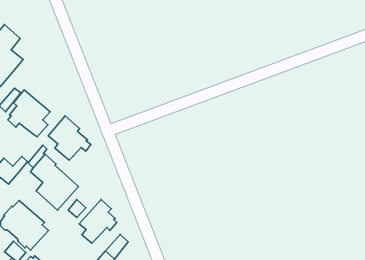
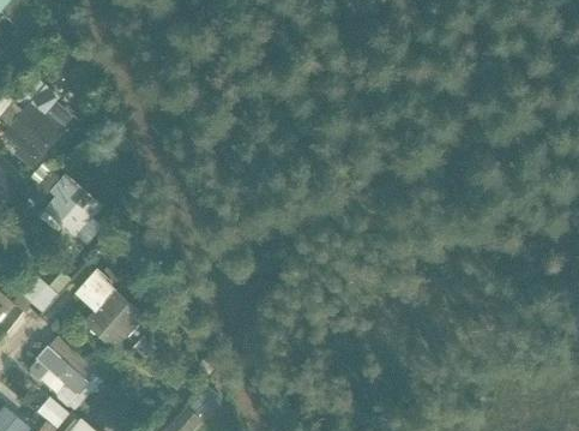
building: [48,116,91,160] -> none
building: [79,199,117,243] -> none

